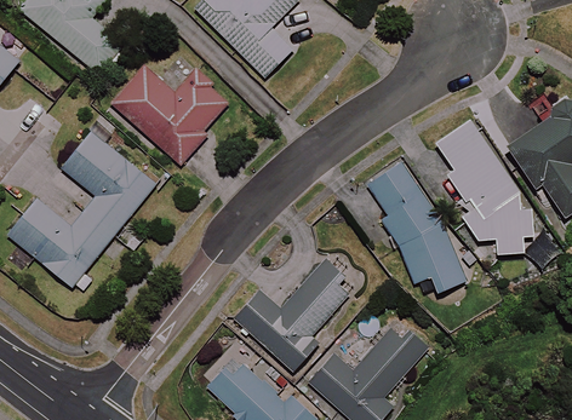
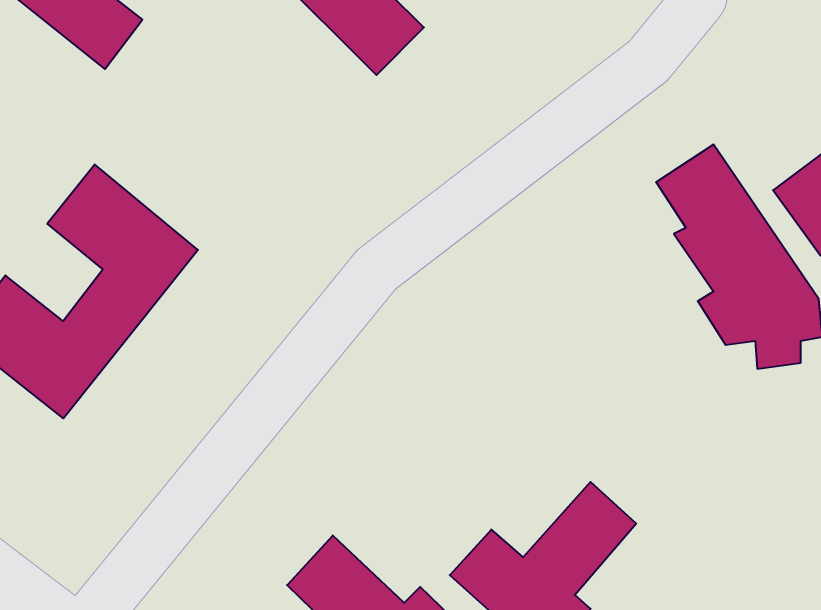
building: [113,67,234,163] -> none
building: [370,165,469,294] -> none
building: [236,259,355,373] -> none

